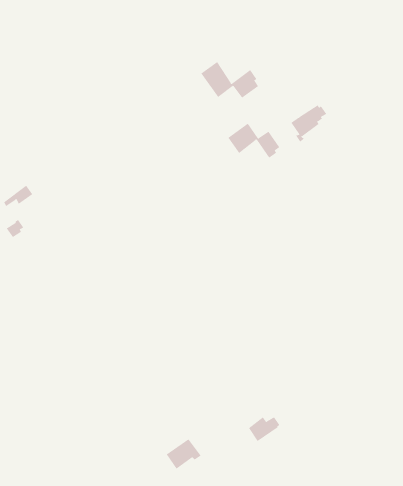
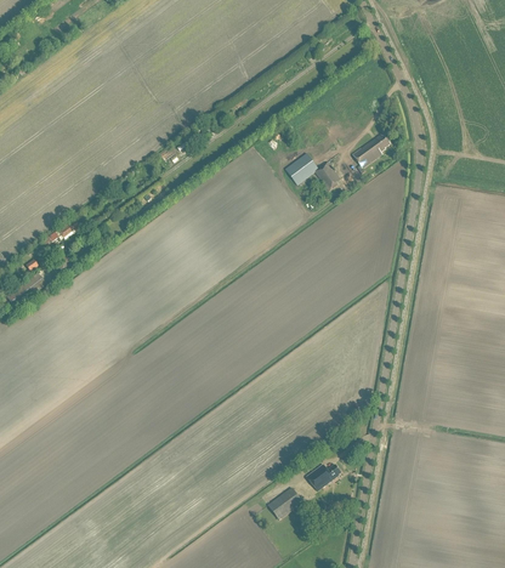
building: [201,61,259,98] -> none
building: [166,438,202,469] -> [267,487,305,519]

